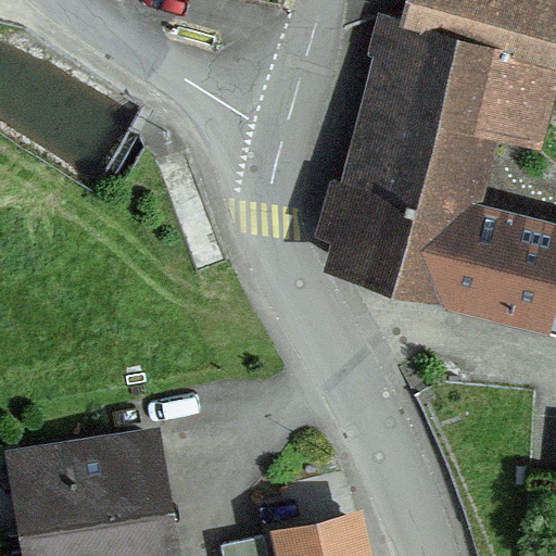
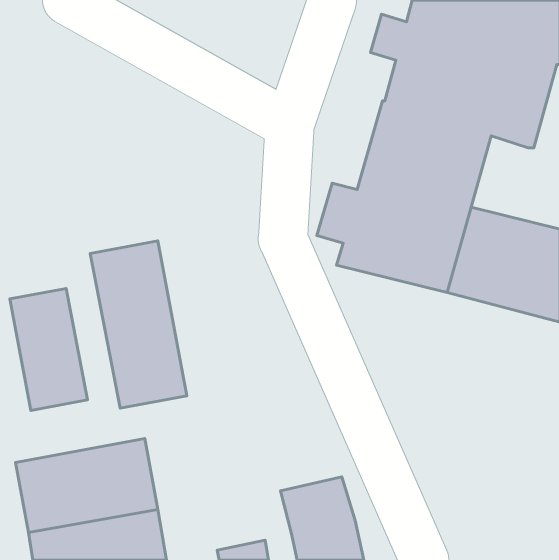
building: none -> [90,241,187,408]
building: none -> [10,288,88,411]

